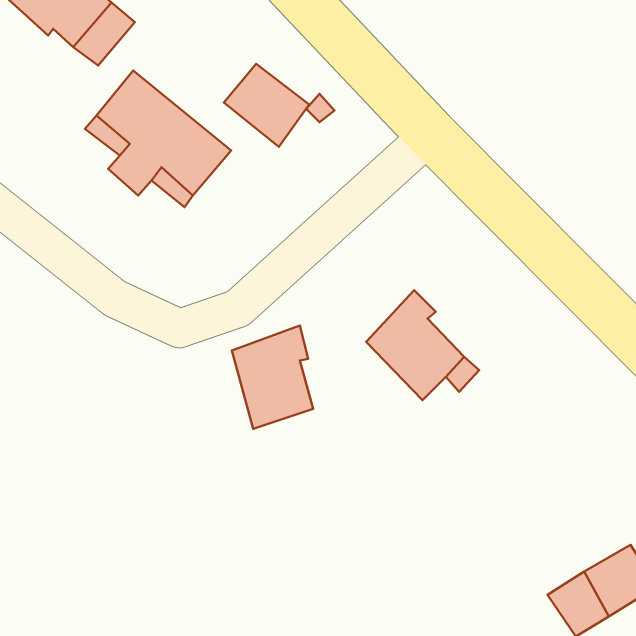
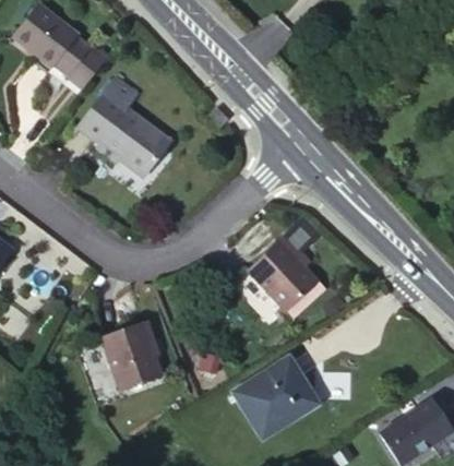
building: [224,64,309,147] -> none
building: [232,326,313,429] -> [105,316,158,384]
building: none -> [237,365,316,438]

